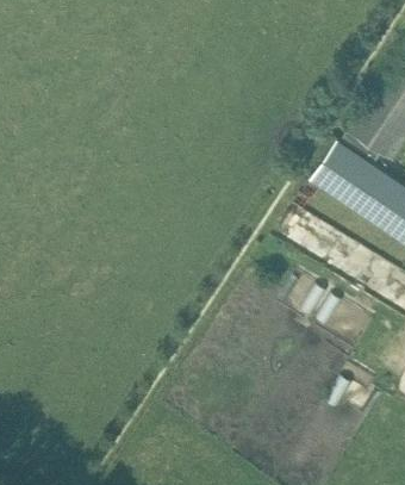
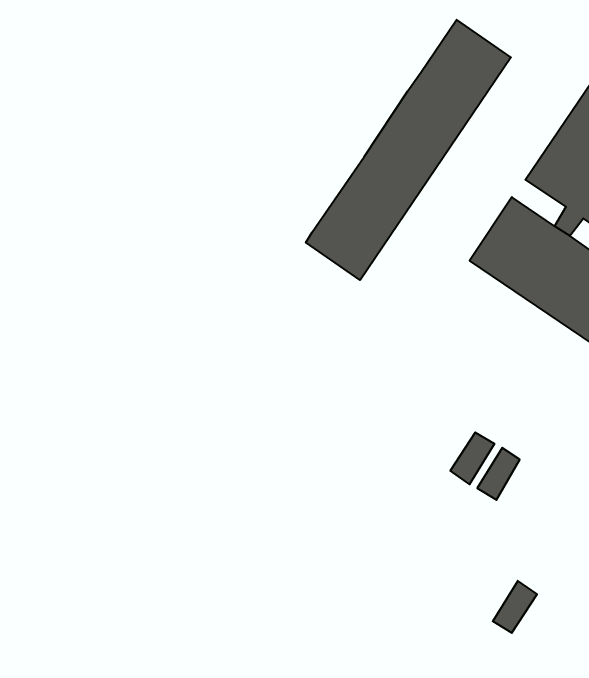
building: none -> [306,20,511,280]

